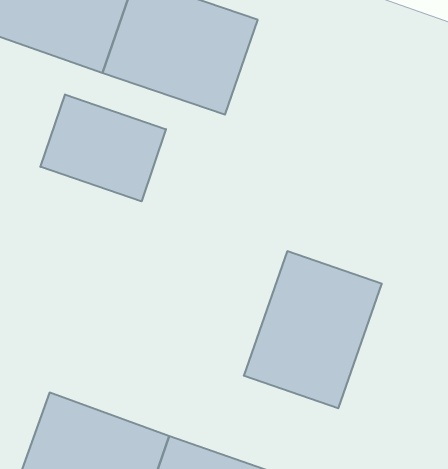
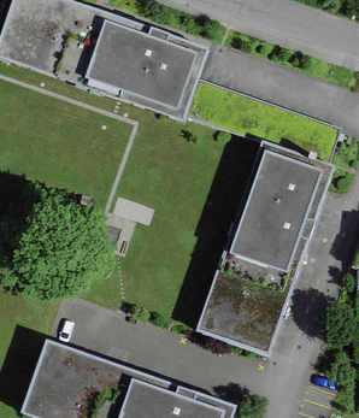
building: [40,94,166,201] -> none
building: none -> [230,139,335,254]

